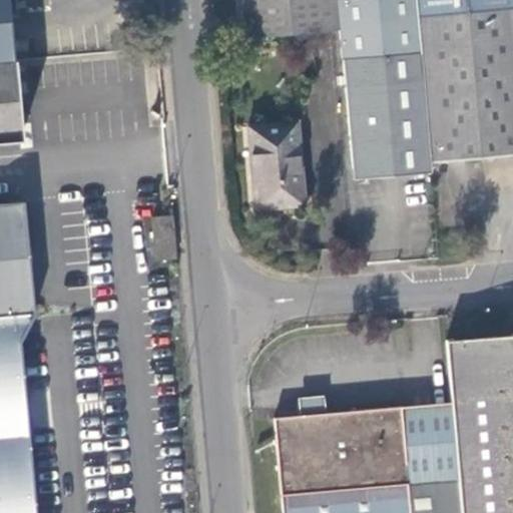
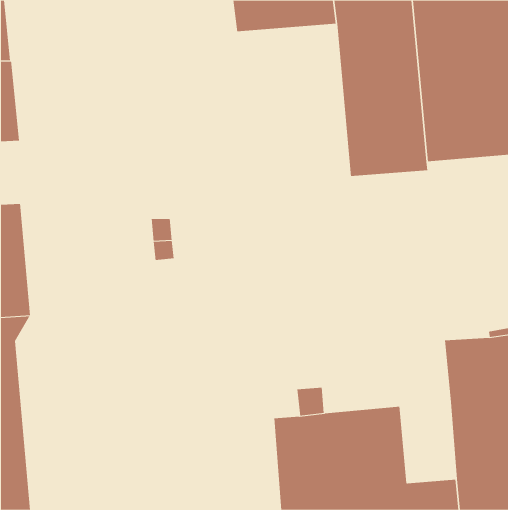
building: [249,125,306,210] -> none
building: [404,404,460,485] -> none

